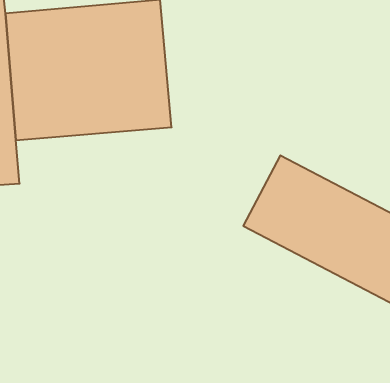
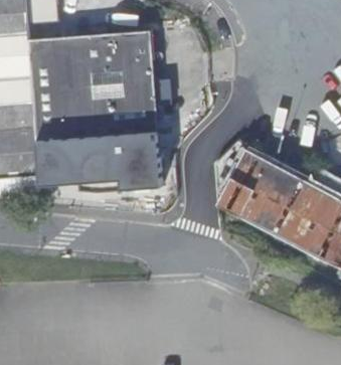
building: none -> [37,128,165,193]

